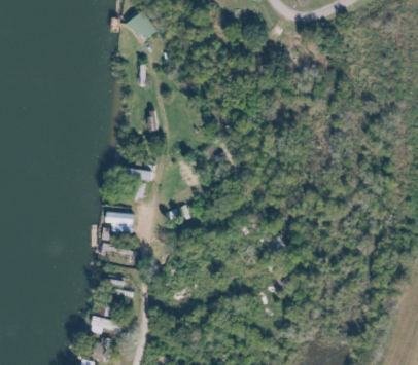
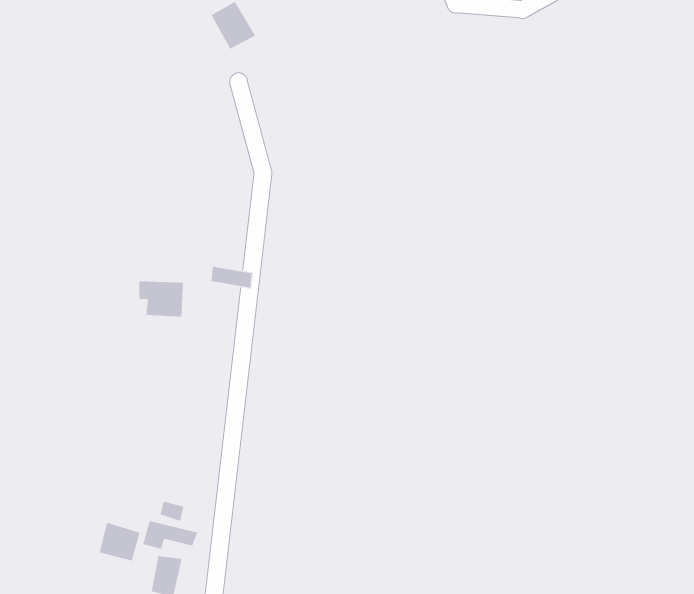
building: [106,211,133,232] -> [138,281,184,317]
building: none -> [99,522,140,561]

